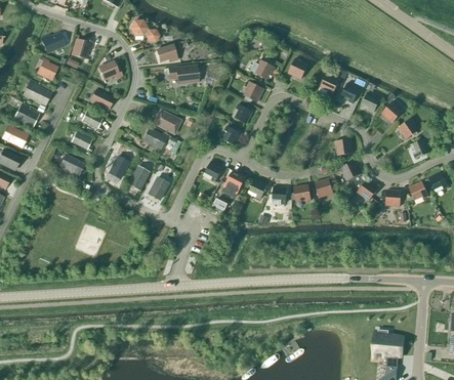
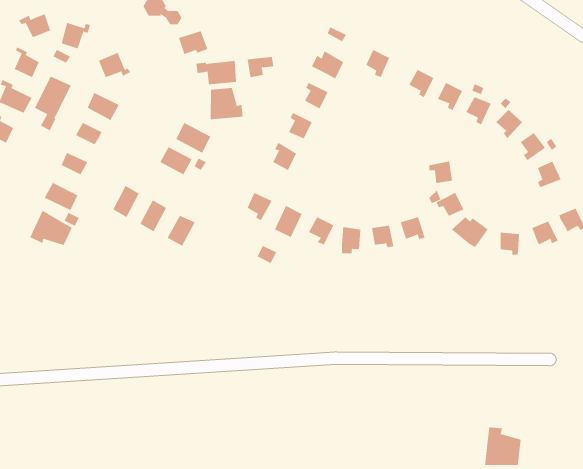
building: none -> [34,76,71,131]
building: none -> [210,87,243,120]
building: none -> [30,210,72,246]

